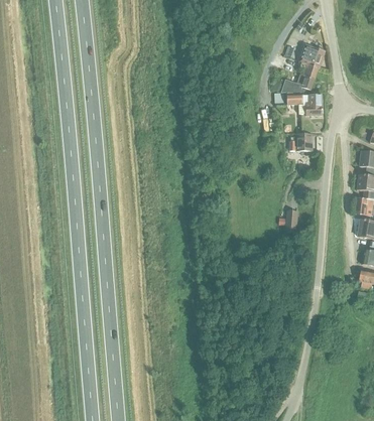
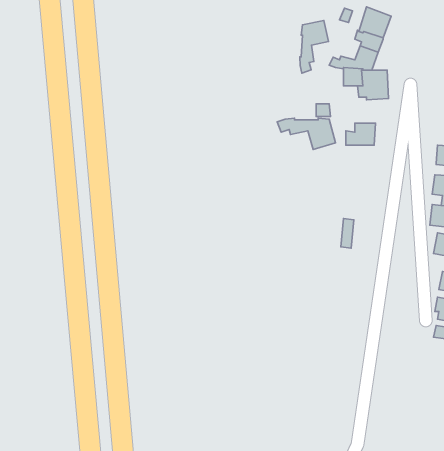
building: none -> [300,20,328,73]
building: none -> [277,118,336,150]

